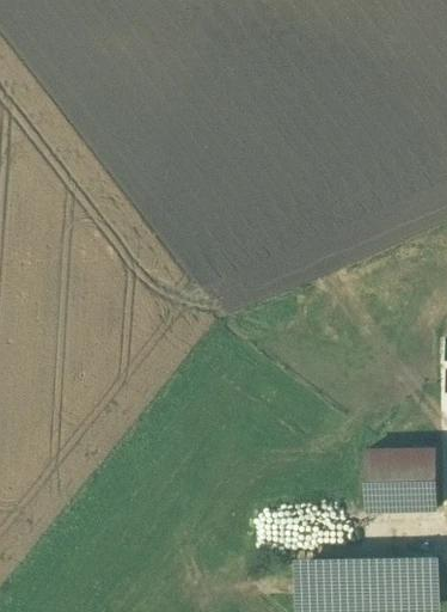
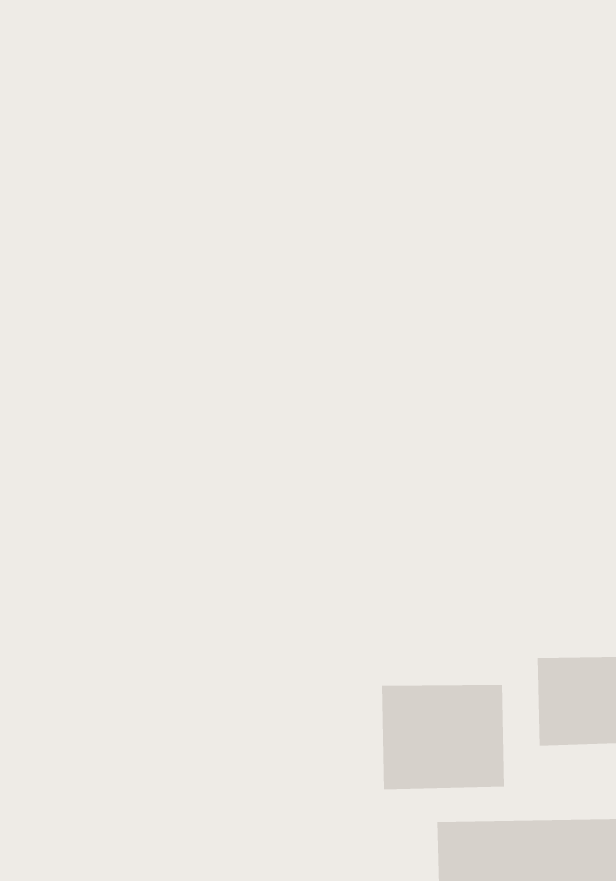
building: none -> [381,684,504,790]

